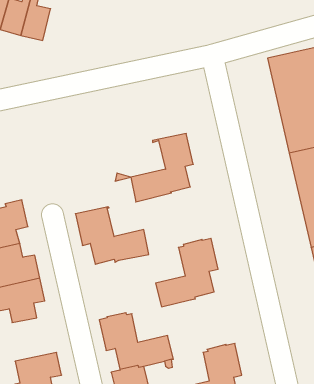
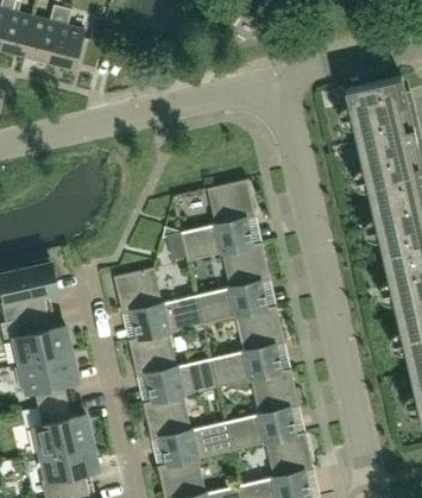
building: none -> [196,242,271,324]
building: none -> [128,330,218,399]
building: none -> [225,368,300,450]
building: none -> [36,401,92,453]

